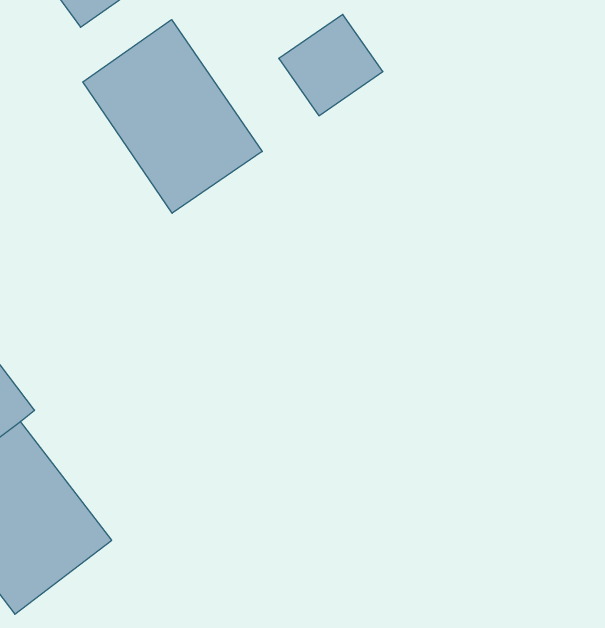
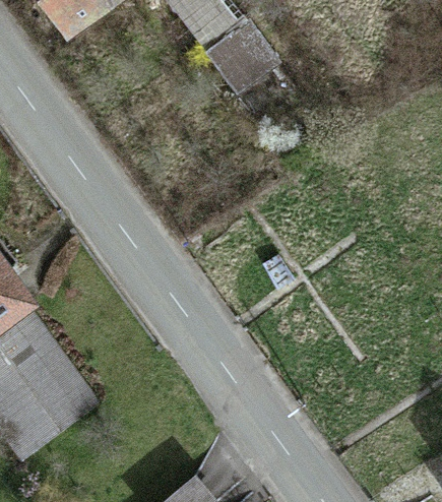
building: [83,20,262,213] -> none

